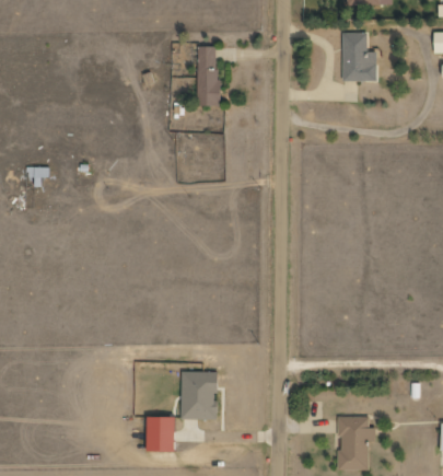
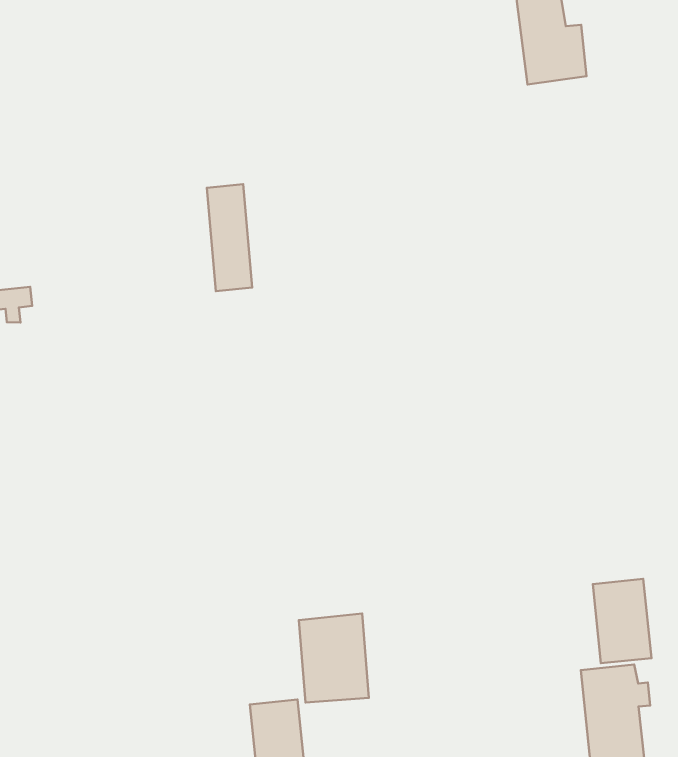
building: [197,47,219,106] -> [207,184,252,291]
building: none -> [593,579,651,663]

